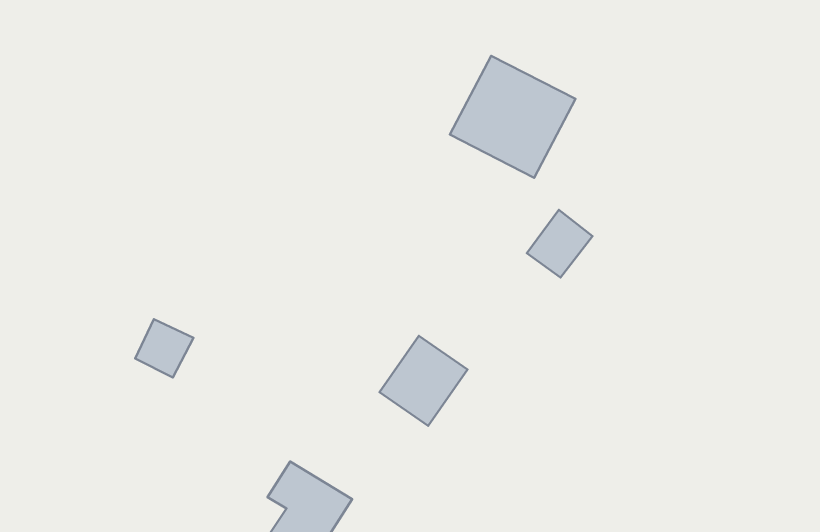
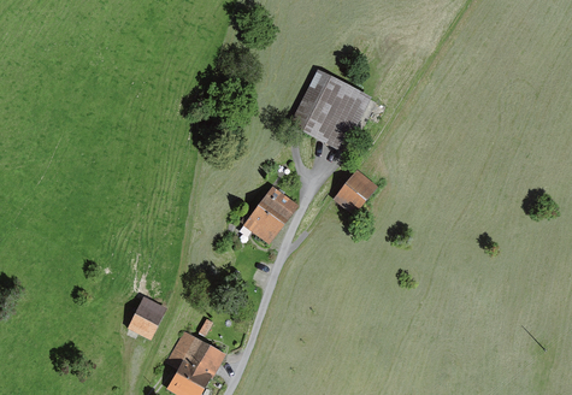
building: [135,319,193,377] -> [126,297,164,335]
building: [379,336,468,426] -> [240,183,296,241]

